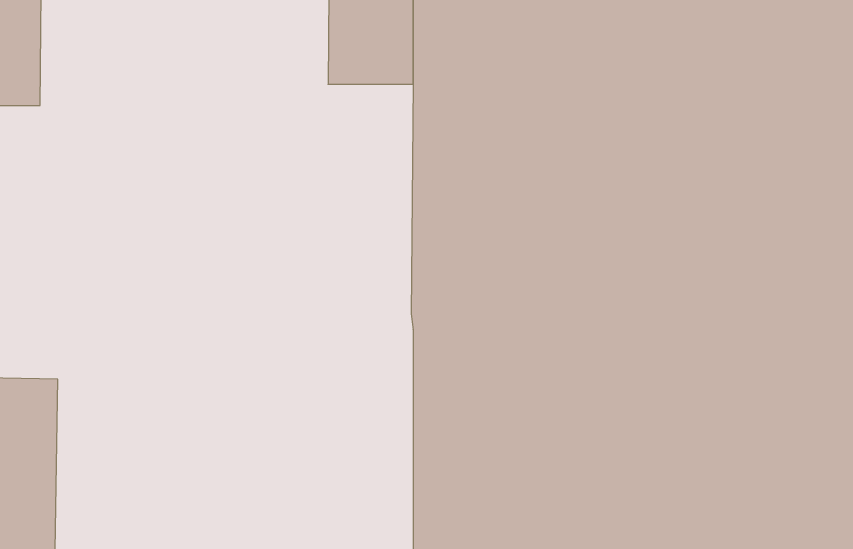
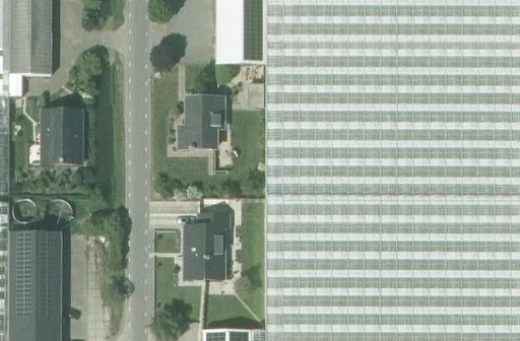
building: none -> [180,97,223,149]
building: none -> [42,109,81,163]
building: none -> [185,215,228,278]

